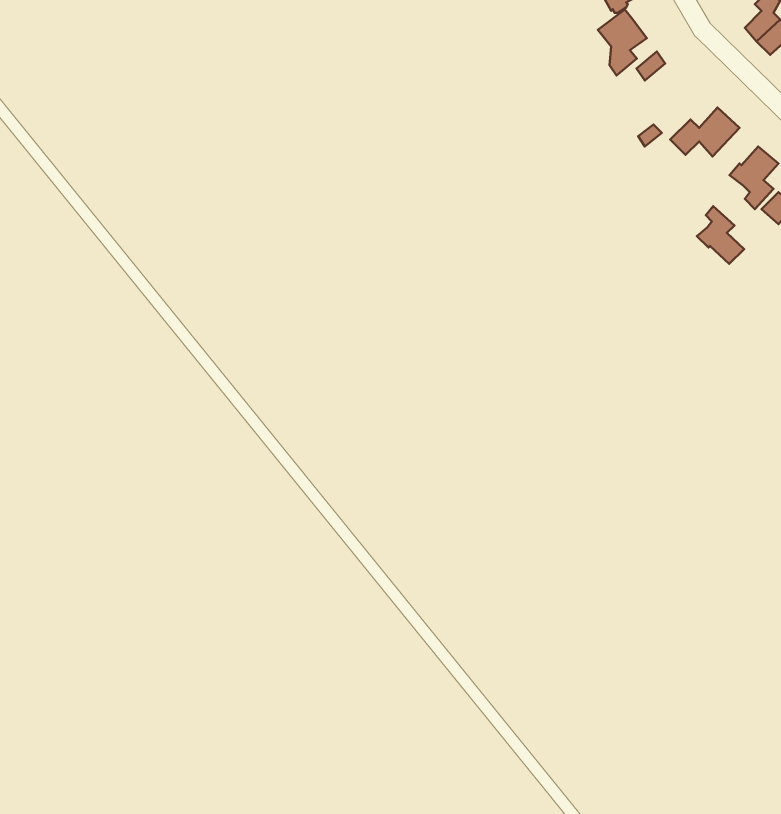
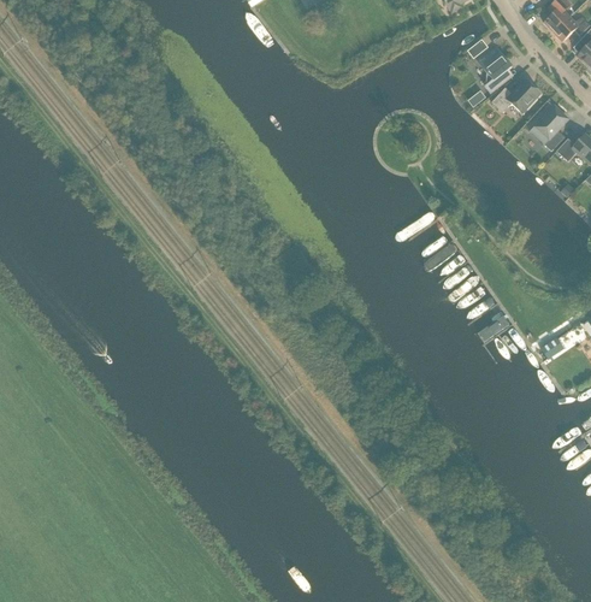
building: [598,9,647,75] -> [477,46,512,93]
building: [697,206,744,264] -> none

